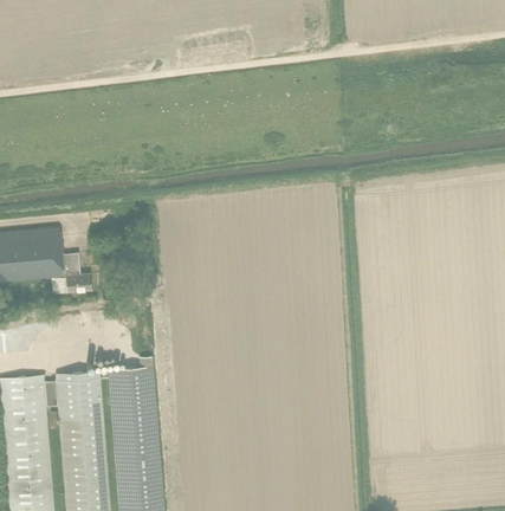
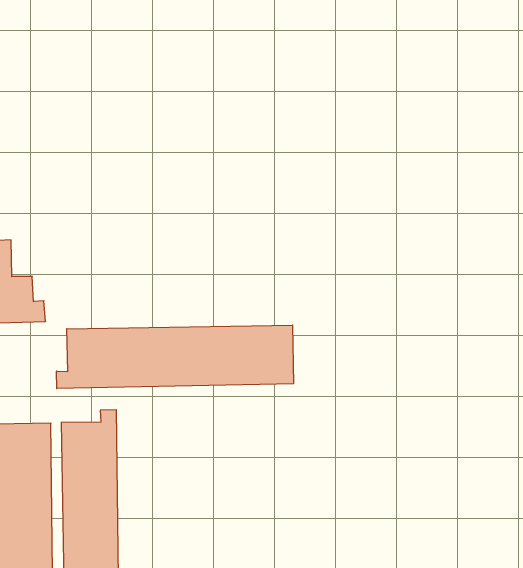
building: none -> [57,325,293,389]

